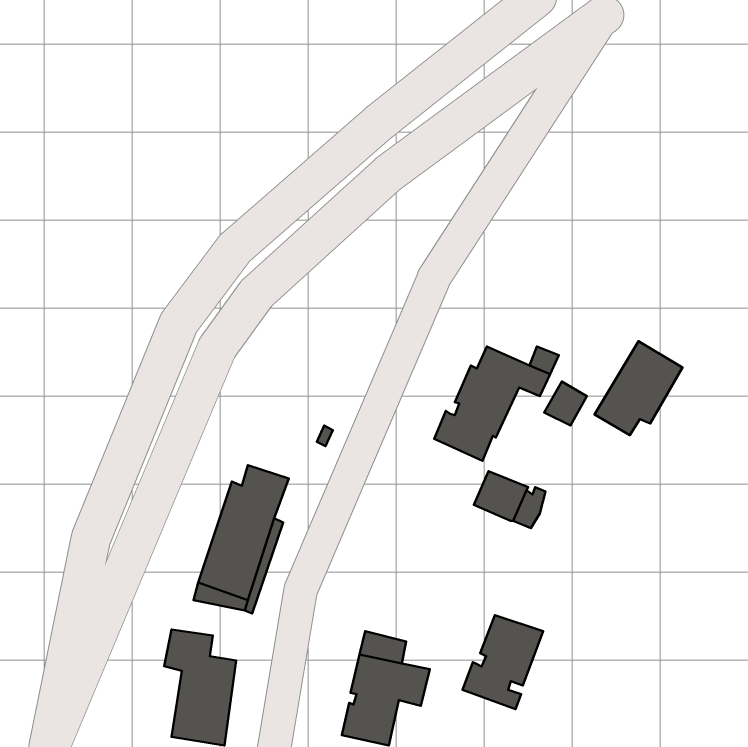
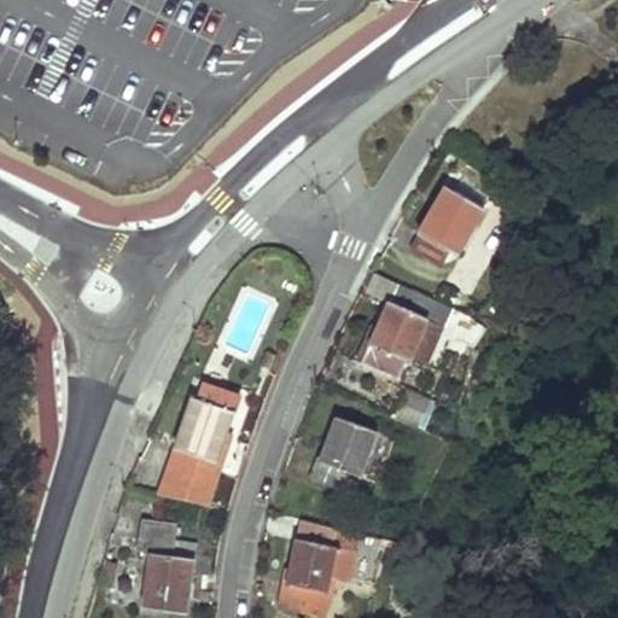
building: [594,341,682,435] -> [410,187,483,264]
building: [463,615,543,709] -> [309,416,375,494]

